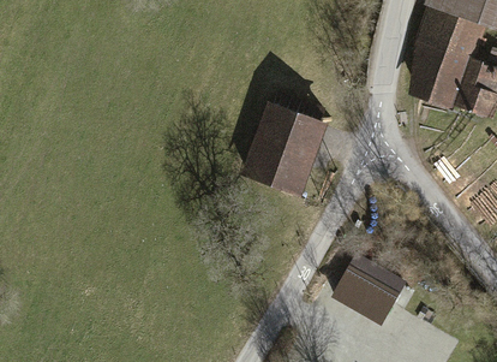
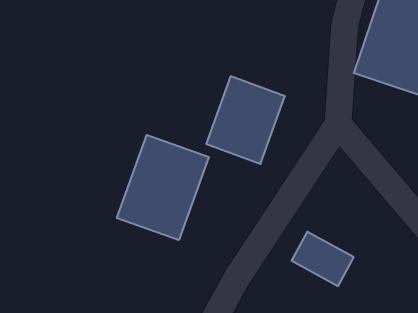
building: none -> [117,135,209,240]

